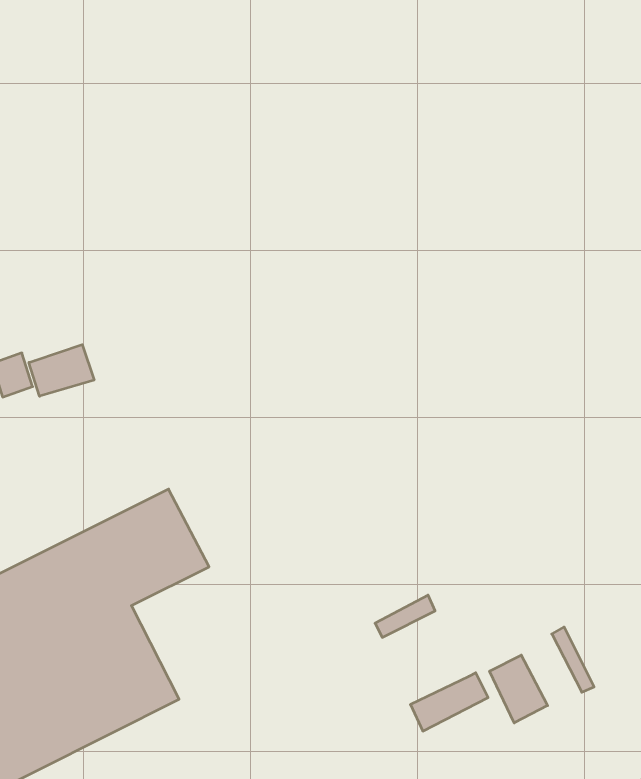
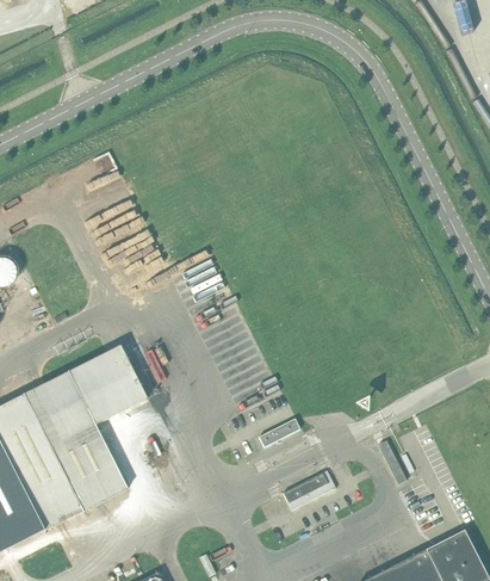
building: [29,345,94,396] -> none
building: [490,655,548,723] -> none

